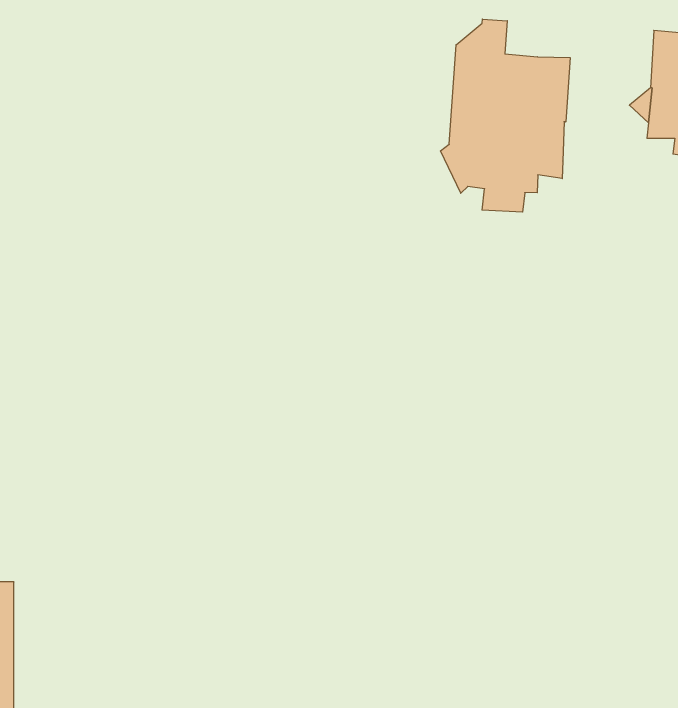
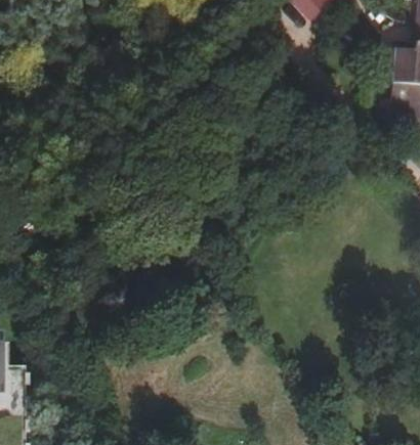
building: [441,19,570,212] -> none

